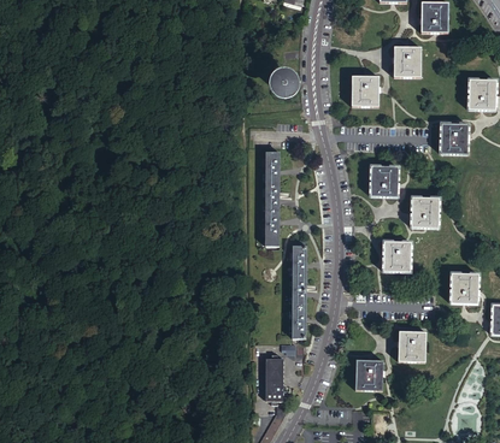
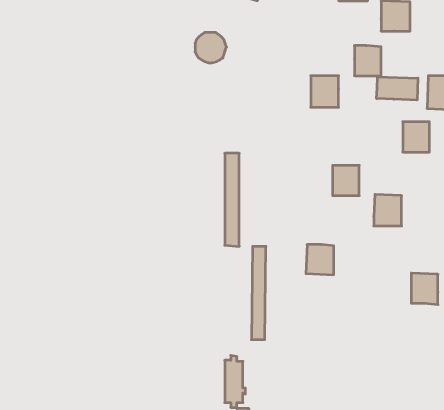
building: [267,70,299,100] -> [195,32,227,63]
building: none -> [377,77,418,100]
building: [383,242,411,272] -> [306,245,334,275]
building: [400,332,428,362] -> none
building: [355,361,382,391] -> none

